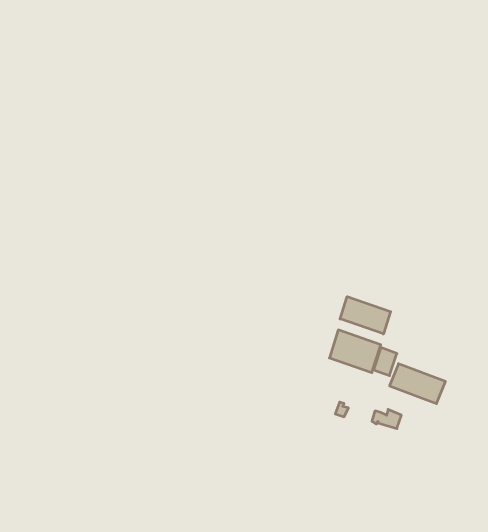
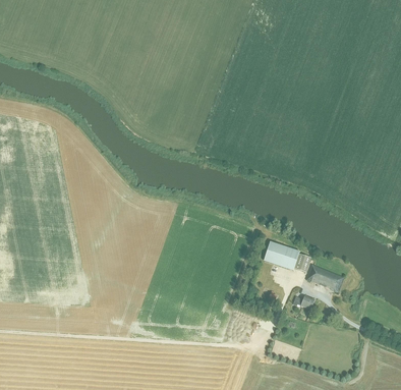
building: [340,297,391,334] -> none

